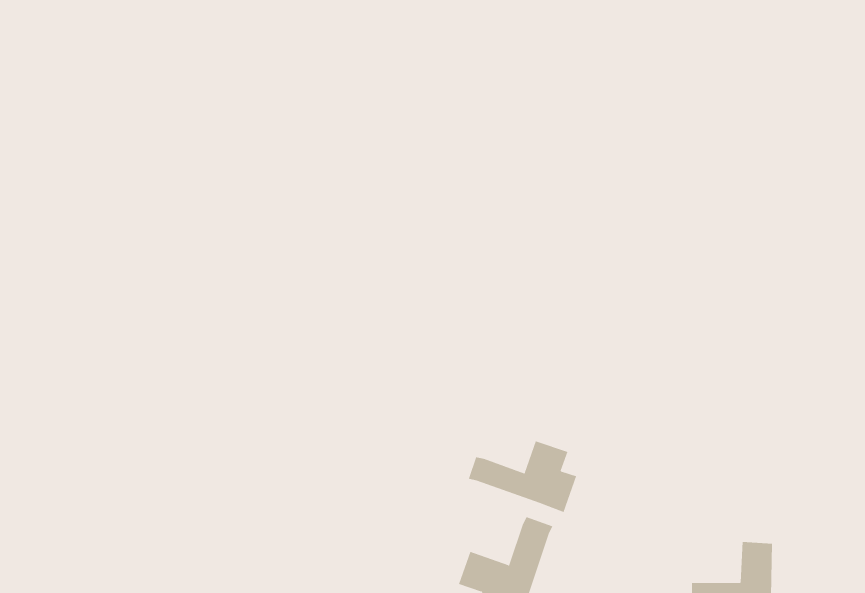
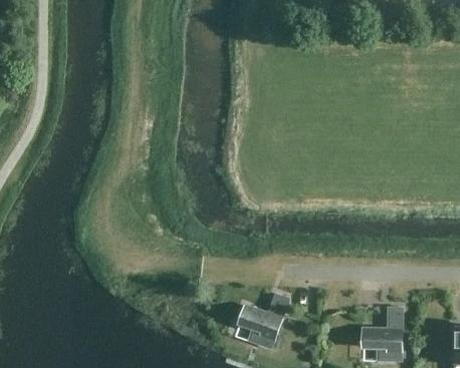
building: [468,440,577,513] -> none

